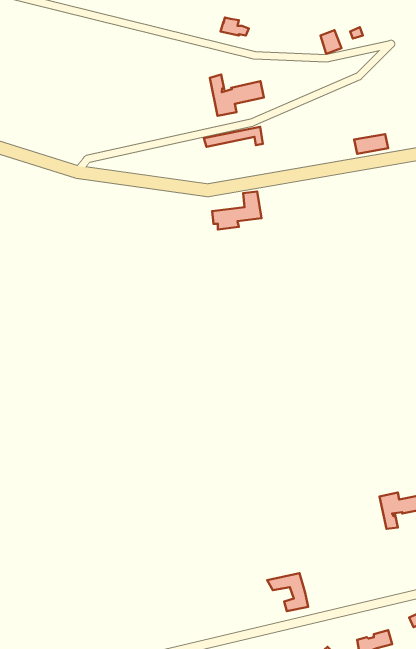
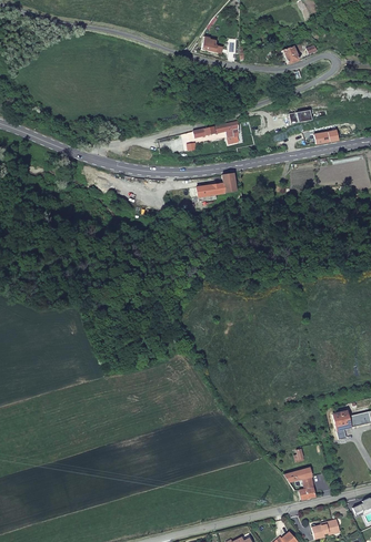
building: [210,75,264,116] -> none
building: [267,573,308,611] -> [283,470,315,500]

